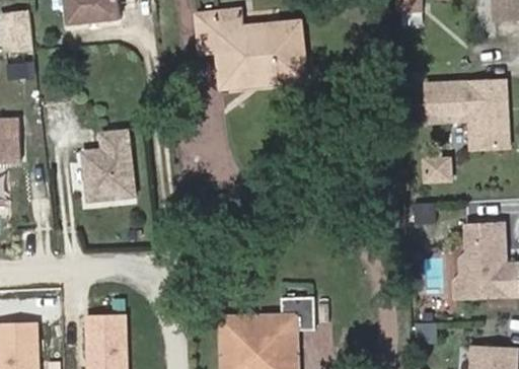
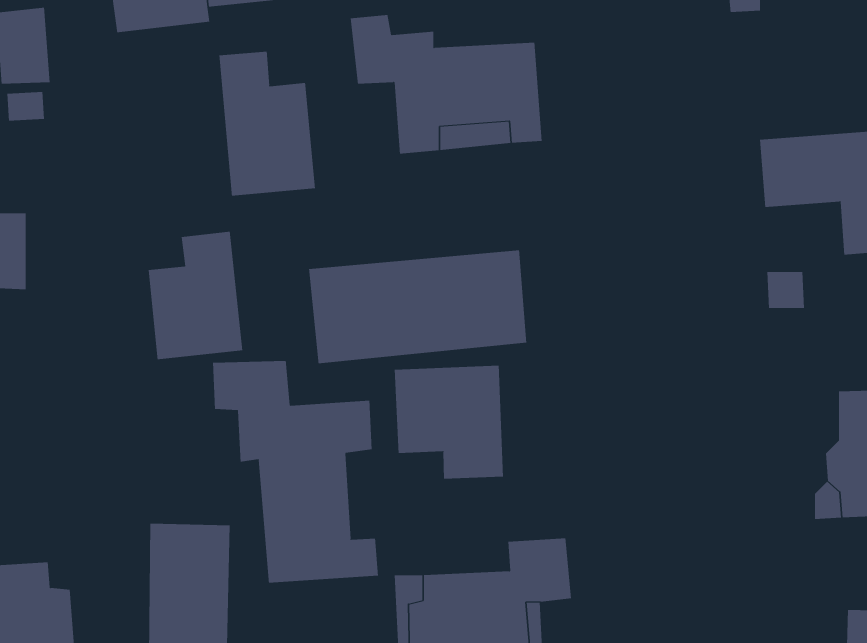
building: none -> [219,51,315,197]
building: none -> [308,250,527,364]
building: none -> [212,360,379,584]
building: none -> [394,365,504,479]

